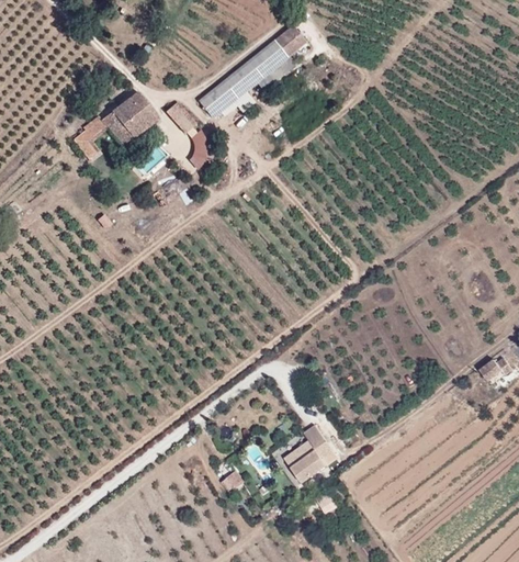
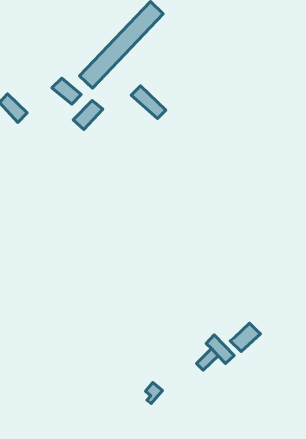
building: [111,91,158,136] -> none
building: none -> [131,86,166,118]
building: [290,450,326,482] -> [230,323,260,352]

